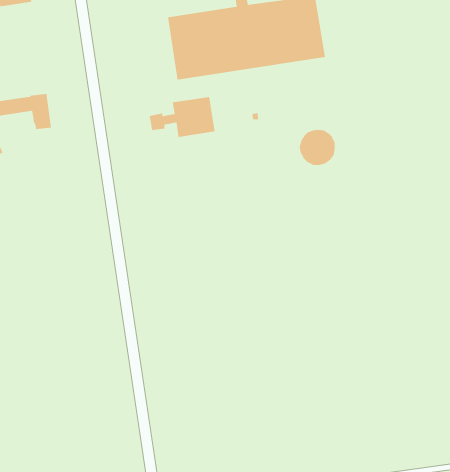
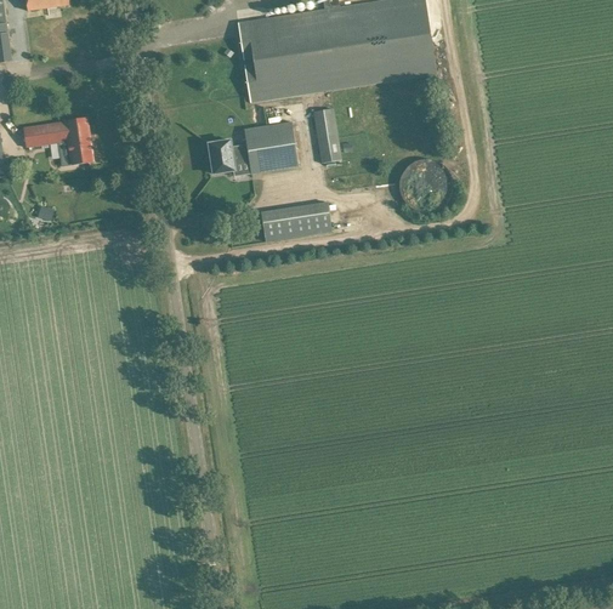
building: none -> [312,108,340,163]
building: none -> [260,200,331,240]

